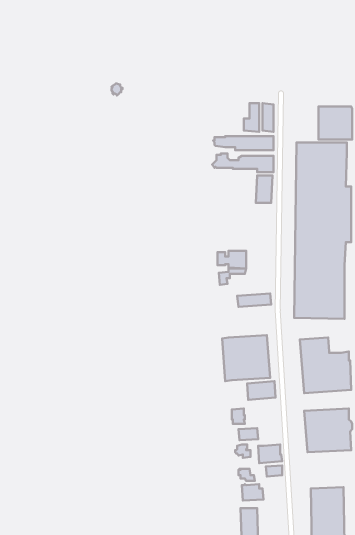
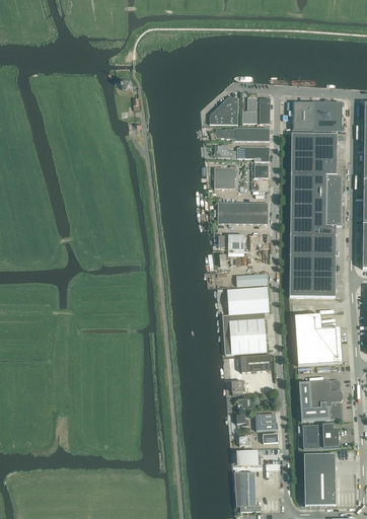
building: none -> [209,96,238,125]
building: none -> [291,100,311,131]
building: none -> [214,167,236,189]
building: none -> [218,202,268,224]
building: none -> [227,287,269,314]
building: none -> [302,424,339,448]

